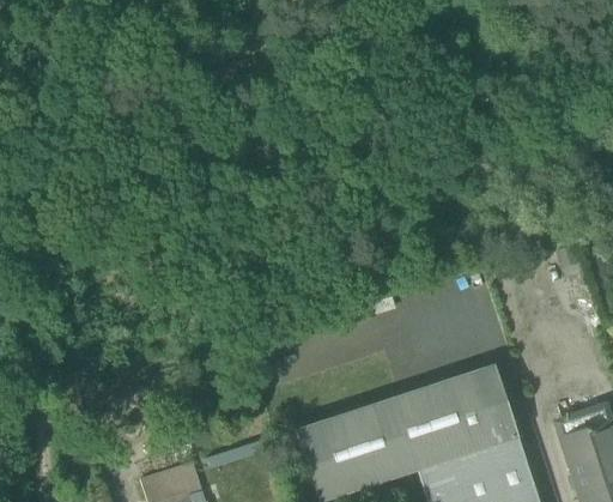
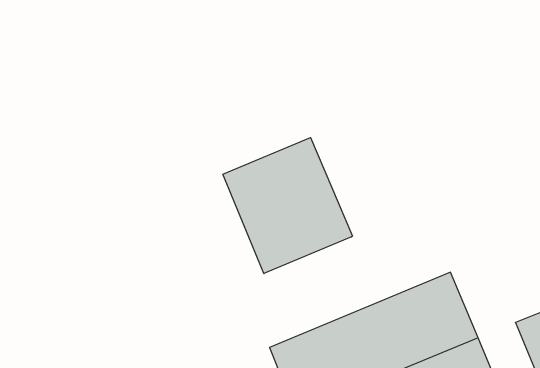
building: none -> [223,138,353,274]

